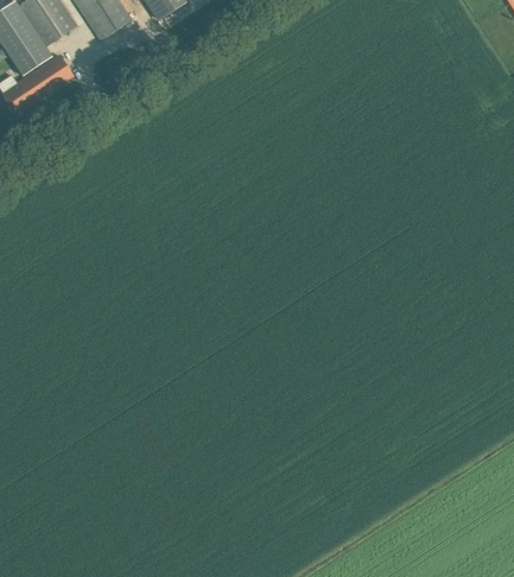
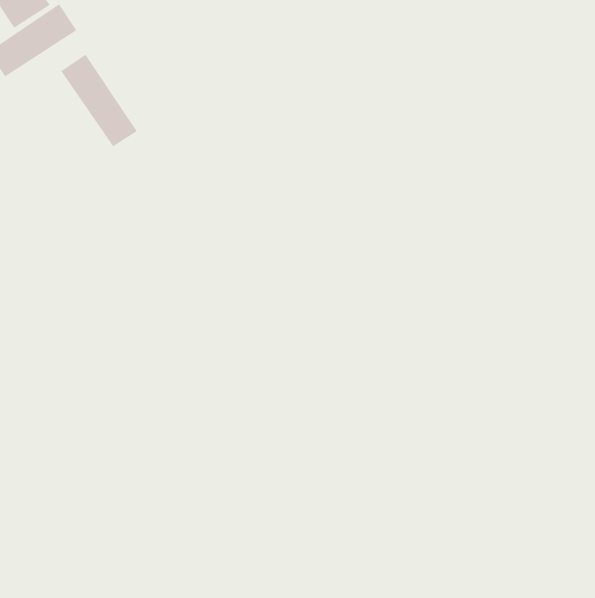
building: none -> [61,54,138,147]

